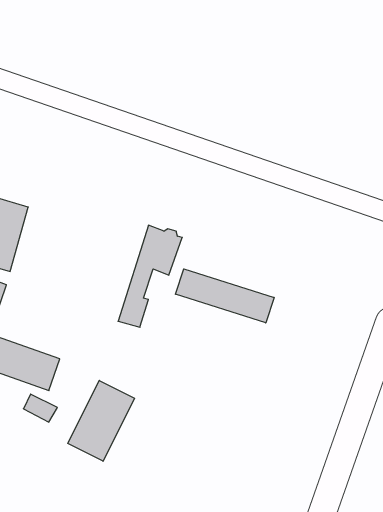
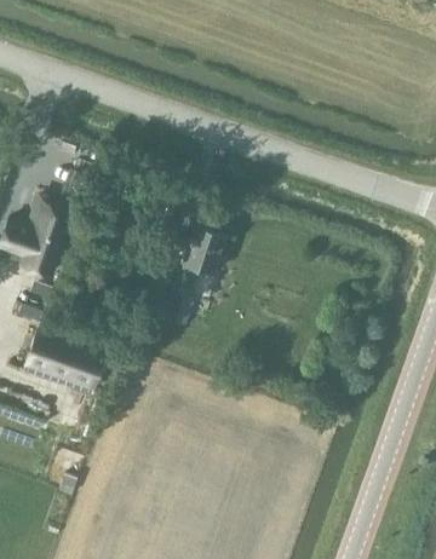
building: [175,269,274,323] -> none
building: [68,380,135,461] -> none

